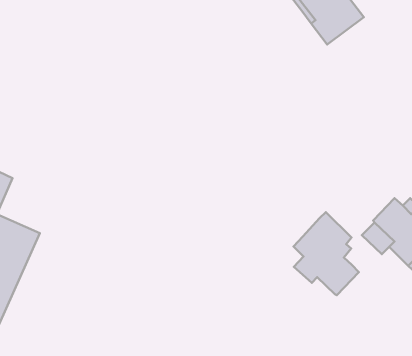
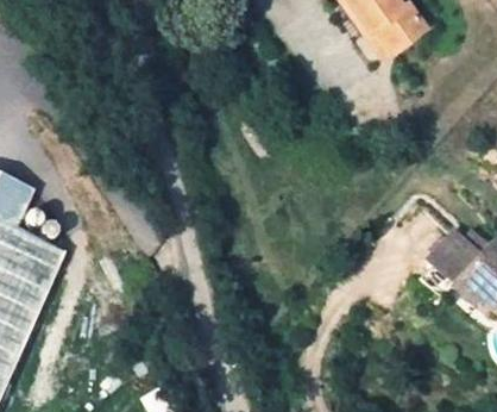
building: [294,212,359,295] -> none

